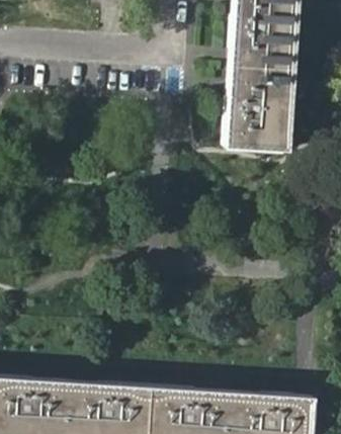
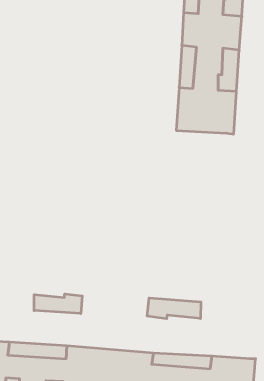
building: none -> [34,294,82,314]
building: none -> [147,298,201,319]

